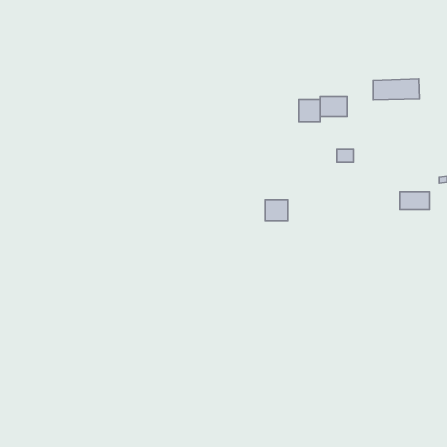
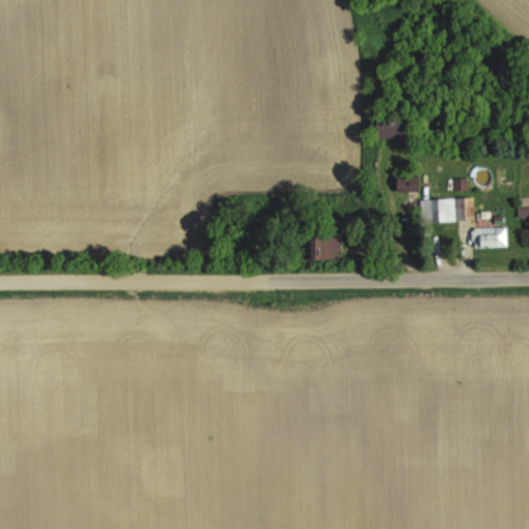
building: [373,79,420,100] -> [419,198,474,223]
building: [299,100,320,122] -> none

